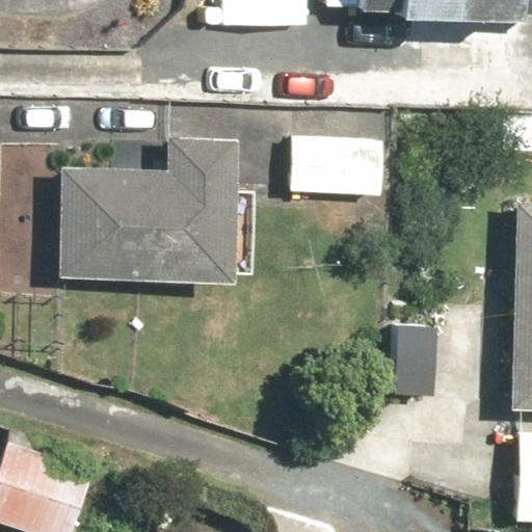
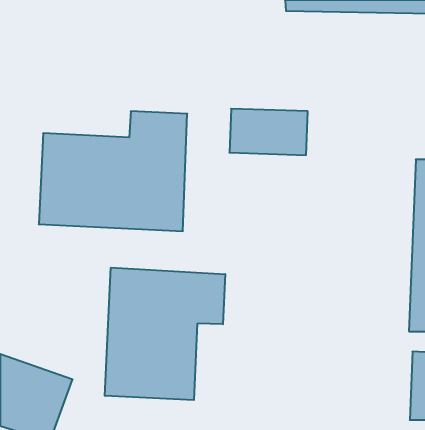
building: none -> [105,268,225,400]

